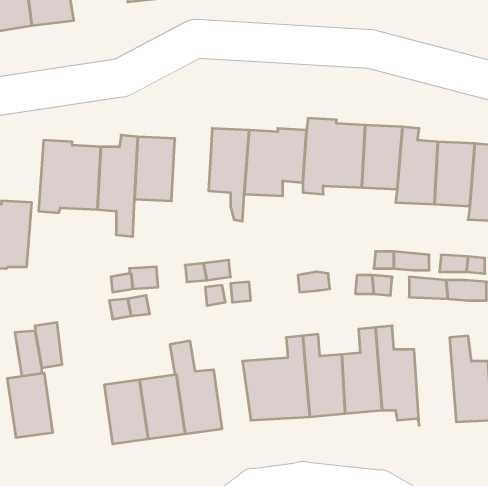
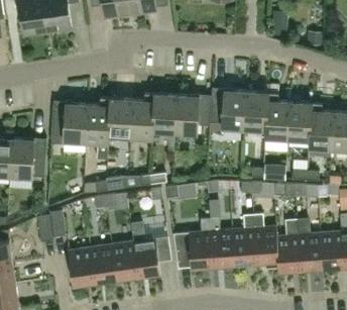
building: none -> [131,93,155,139]
building: none -> [276,219,302,272]
building: [7,373,53,437] -> [69,247,96,286]

